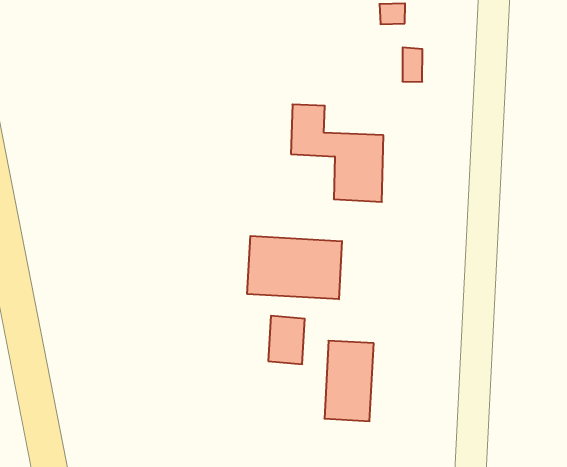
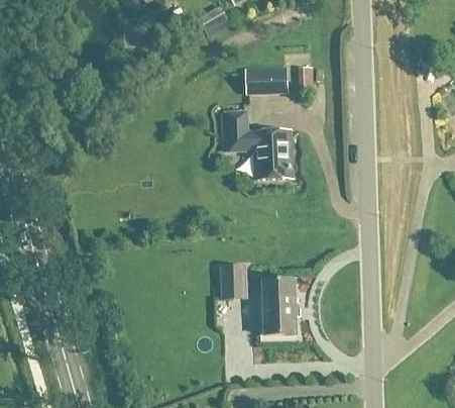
building: none -> [246,67,288,91]
building: [247,236,342,299] -> none

